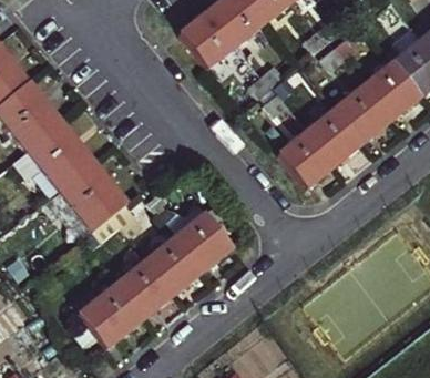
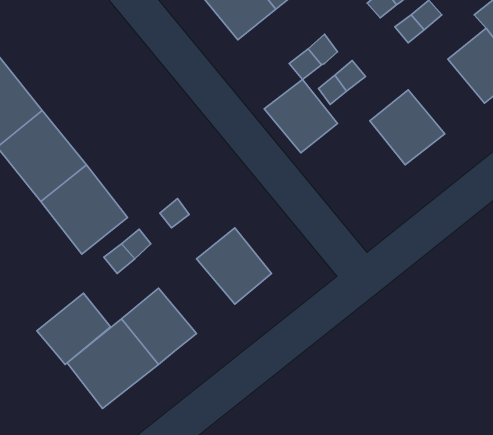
building: [336,83,393,140] -> none
building: [278,130,334,185] -> [264,80,338,153]
building: [147,234,205,290] -> none
building: none -> [37,293,111,365]

